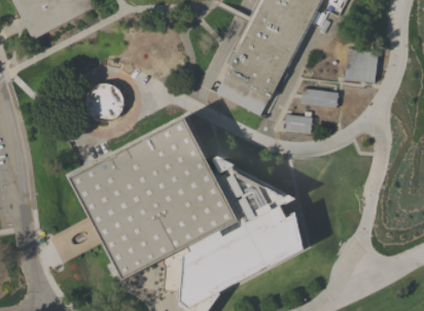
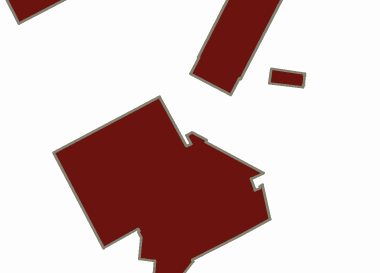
building: [344,48,377,82] -> none
building: [85,83,122,122] -> none
building: [284,114,312,132] -> none

